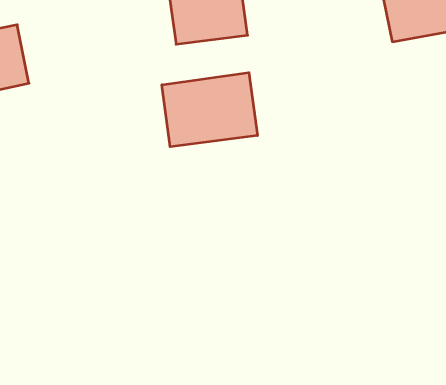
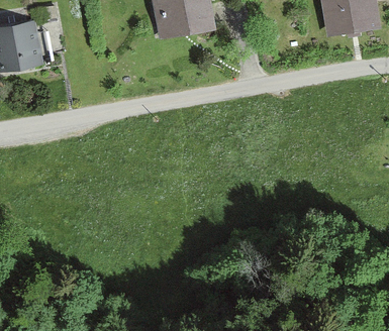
building: [162,73,257,147] -> none

